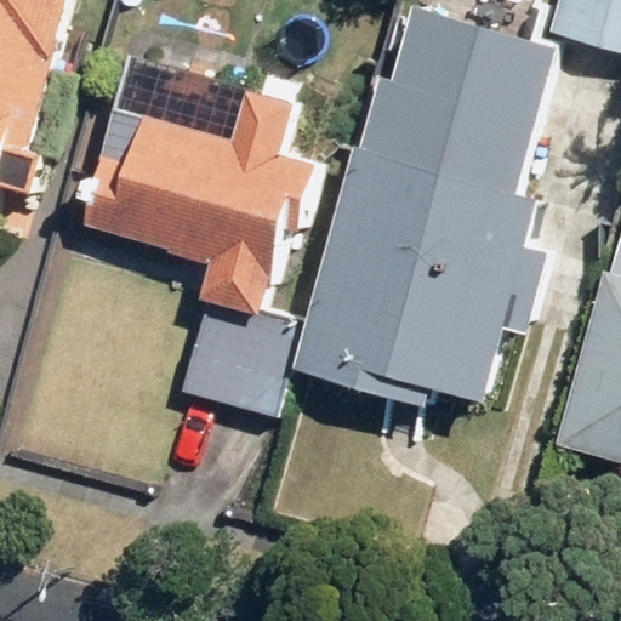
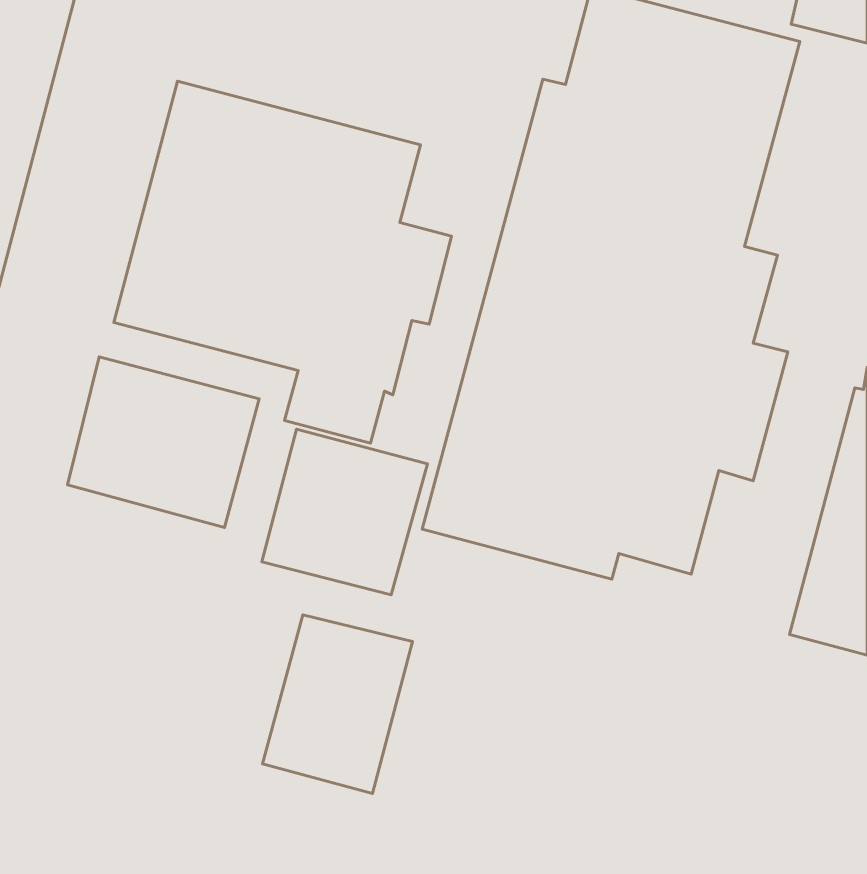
building: none -> [67,357,259,528]
building: none -> [263,615,413,793]

